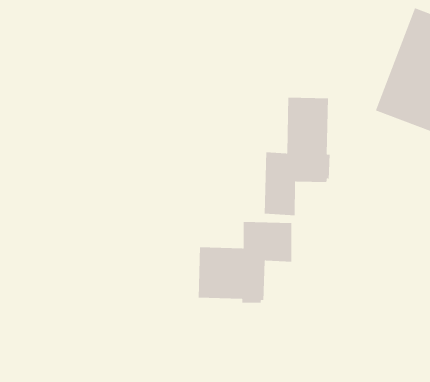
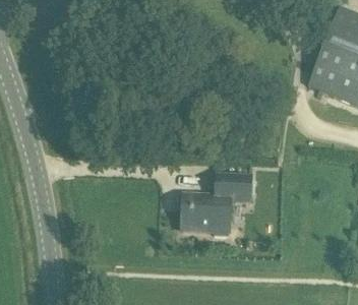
building: [264,97,331,216] -> none

